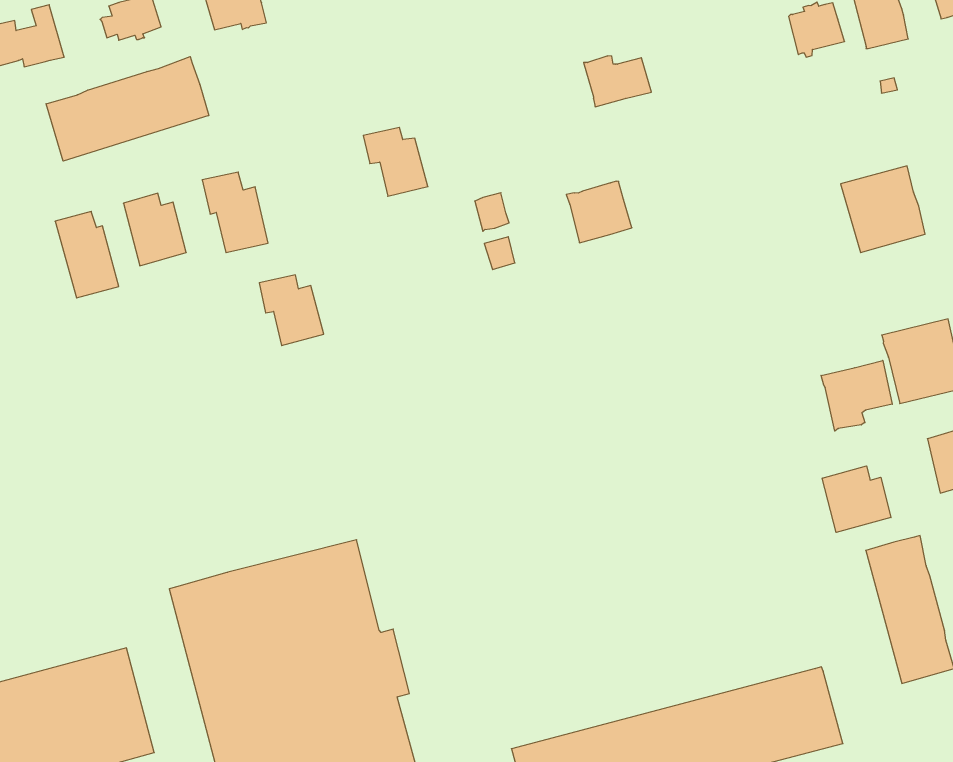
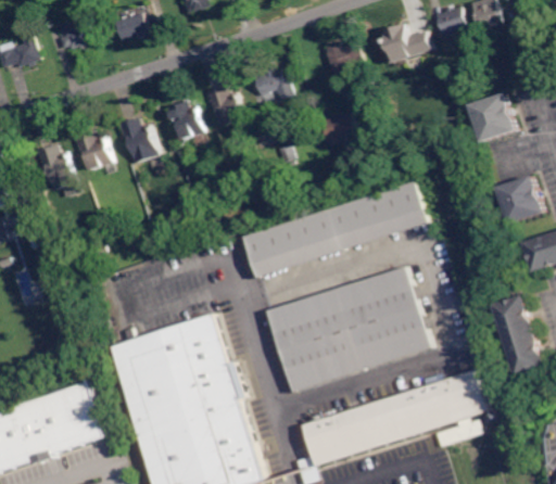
building: none -> [377,23,428,61]
building: [46,57,209,161] -> none
building: none -> [250,67,288,100]
building: [259,275,324,346] -> [163,101,200,140]
building: none -> [242,181,422,278]
building: [821,360,892,431] -> none
building: [822,466,891,532] -> none
building: none -> [266,267,426,392]

